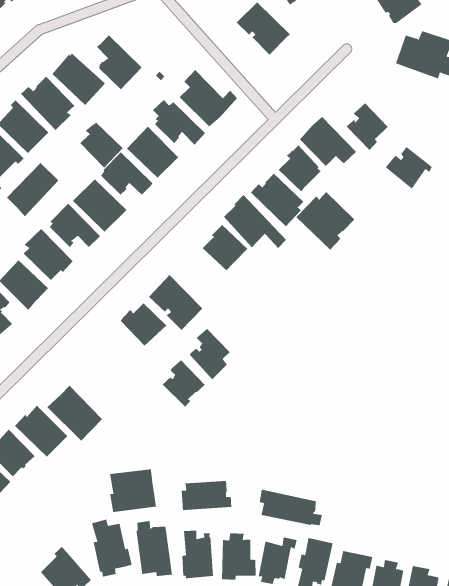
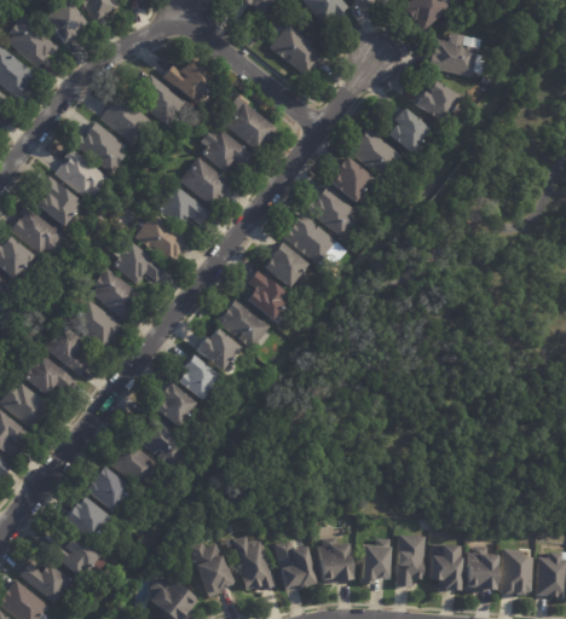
building: none -> [163,58,212,102]
building: [80,122,123,169] -> none
building: [385,146,433,190] -> [414,81,460,122]
building: [6,162,59,217] -> none
building: [295,191,355,250] -> none
building: [189,328,231,380] -> [247,271,287,320]
building: none -> [152,382,194,426]
building: [162,359,206,408] -> [174,353,216,399]
building: [110,468,157,513] -> none
building: [181,480,232,511] -> none
building: [259,489,323,526] -> none

